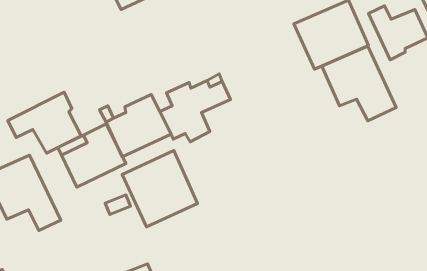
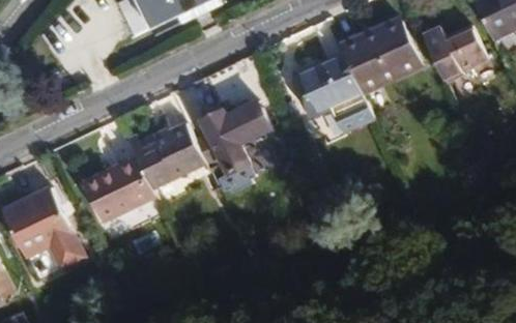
building: [322,46,396,121] -> [292,52,374,134]
building: [8,92,81,153] -> none
building: [122,150,197,227] -> none

